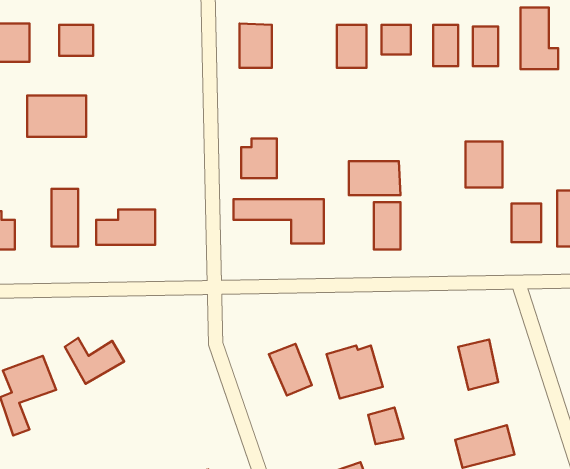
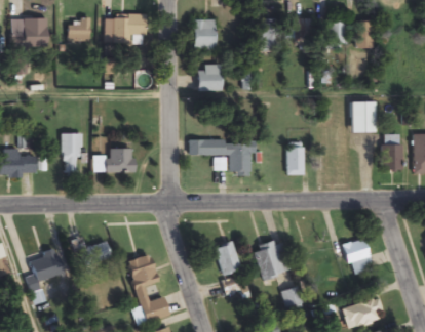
building: [520,7,558,69] -> none
building: [27,95,86,137] -> [106,14,147,43]
building: [241,138,277,178] -> [197,64,222,91]
building: [349,161,401,195] -> none
building: none -> [128,254,169,322]

